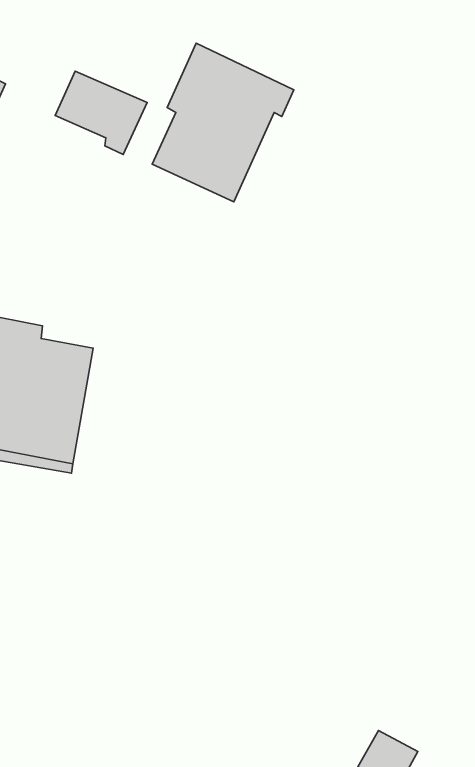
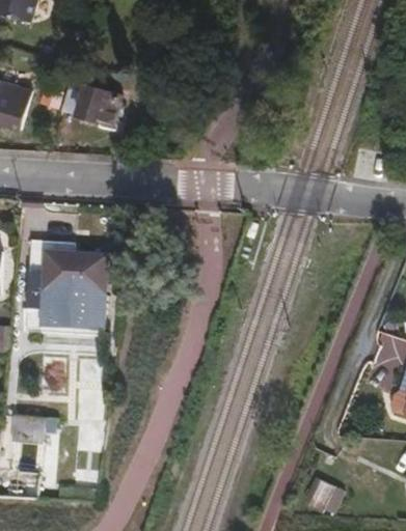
building: [152,43,294,202] -> none

